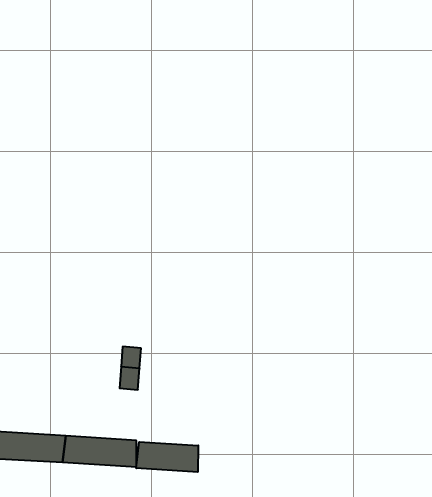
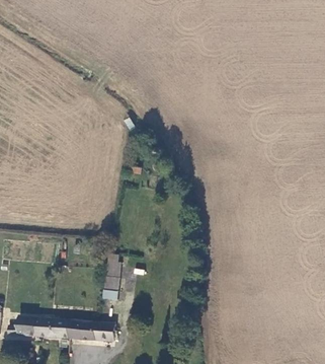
building: [136,442,198,472] -> none

